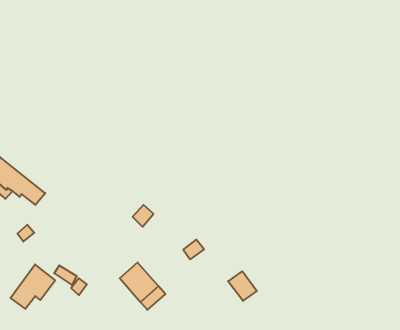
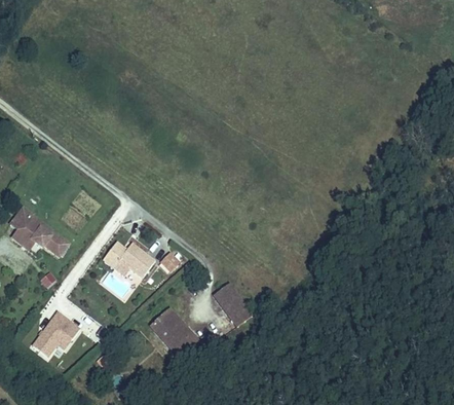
building: none -> [104,236,156,272]
building: [228,271,257,301] -> [220,297,250,328]

